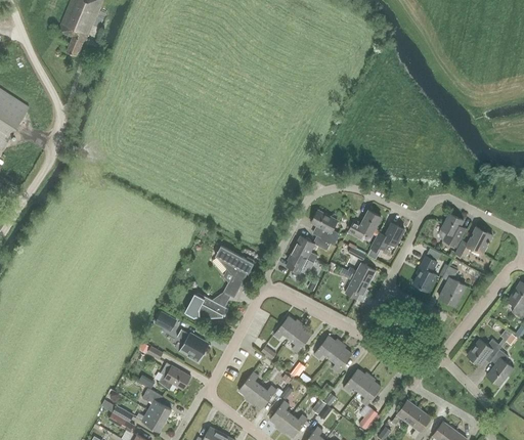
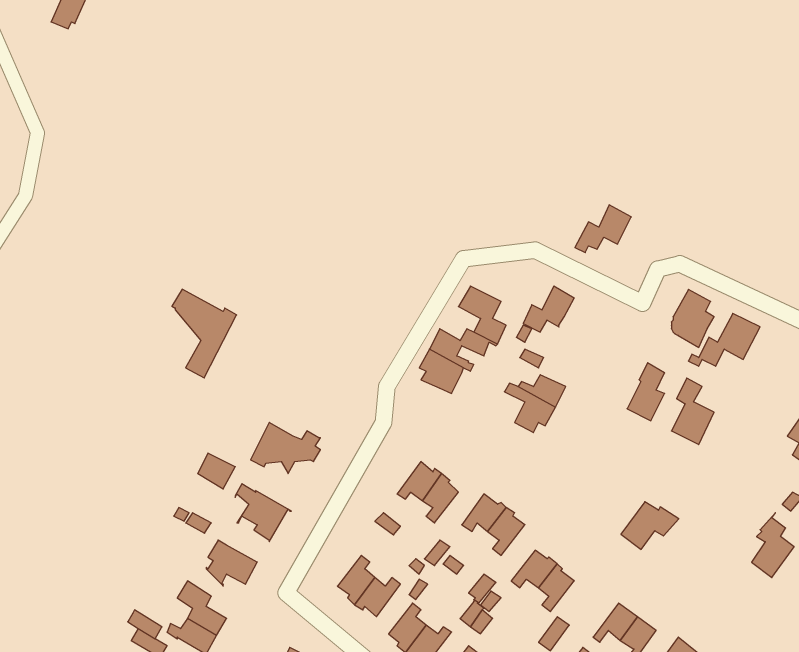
building: [370,222,404,251] -> [575,205,631,253]
building: [215,245,254,298] -> [172,289,237,378]
building: [467,336,501,364] -> [621,502,679,549]

